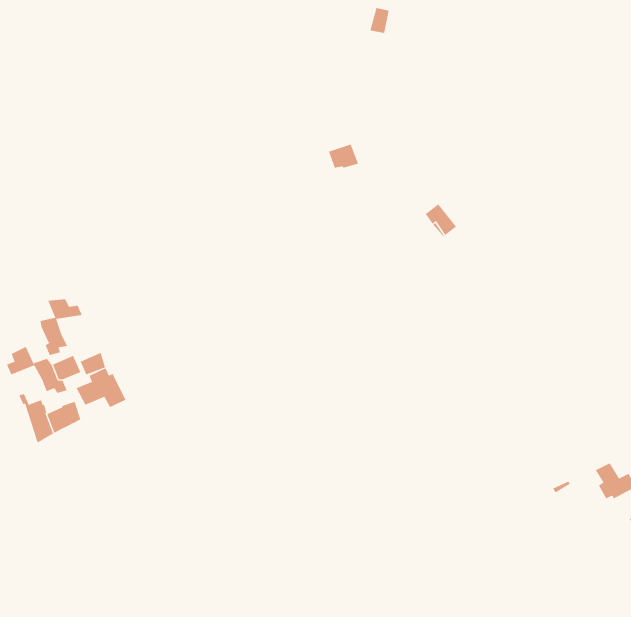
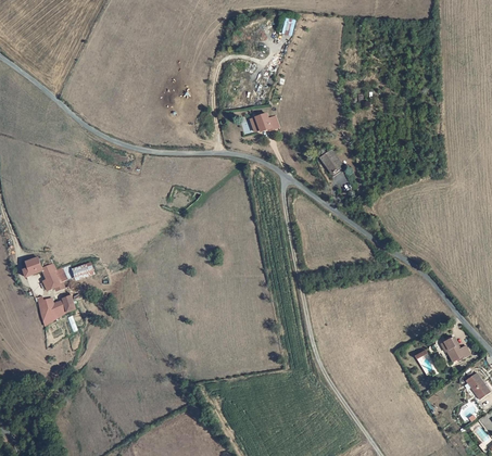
building: [40,299,82,356] -> none
building: [76,368,126,408] -> none

